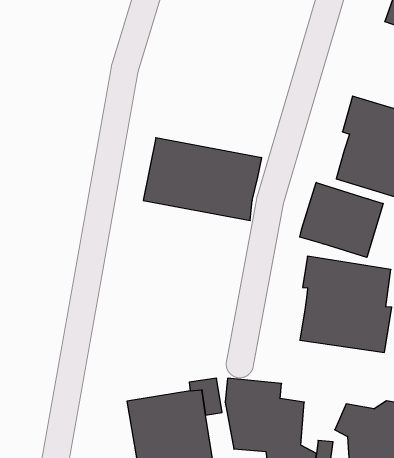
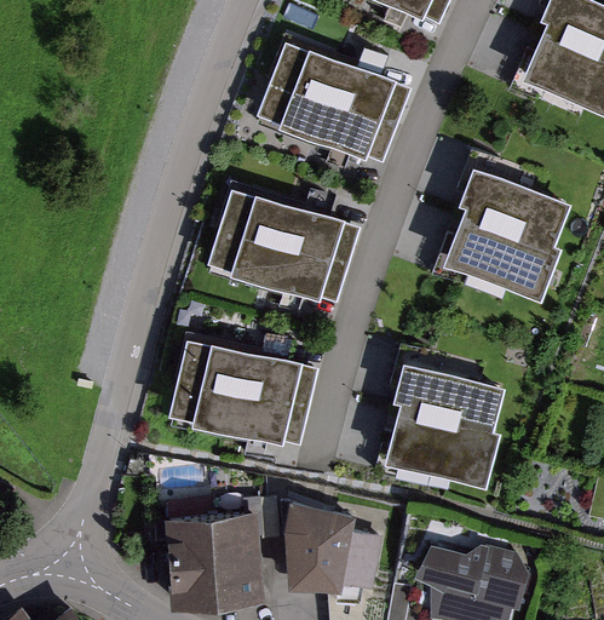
building: none -> [257,46,410,166]
building: [300,182,383,257] -> none
building: none -> [171,343,317,448]

